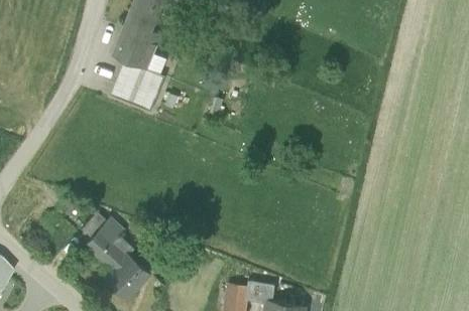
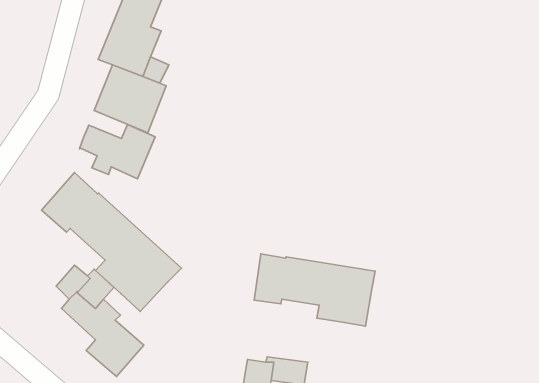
building: none -> [79,124,155,179]
building: none -> [42,173,181,312]
building: none -> [254,254,375,326]

